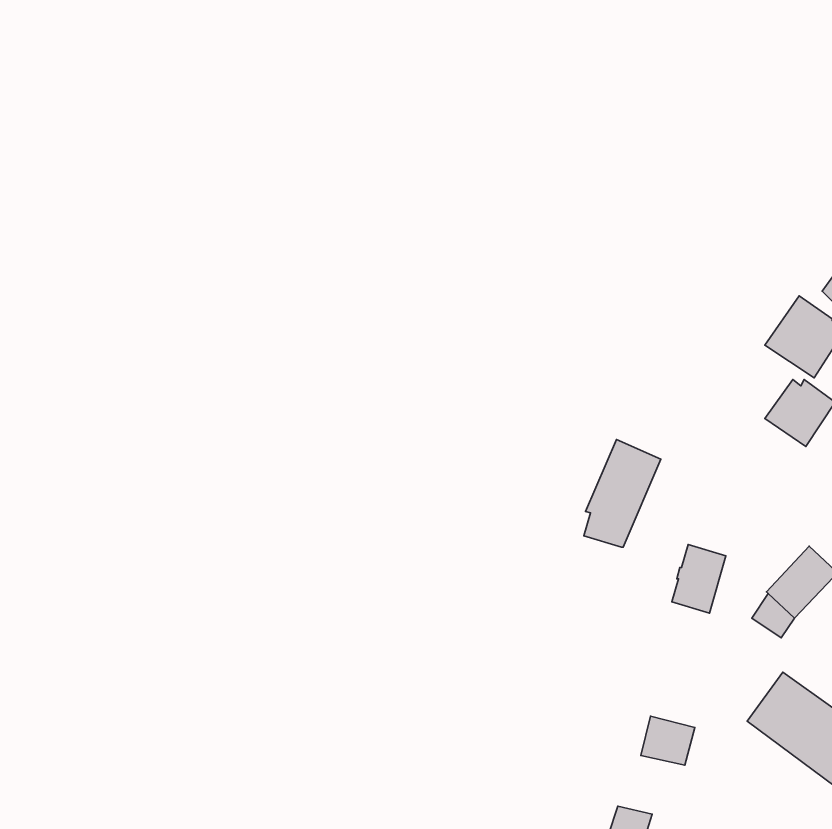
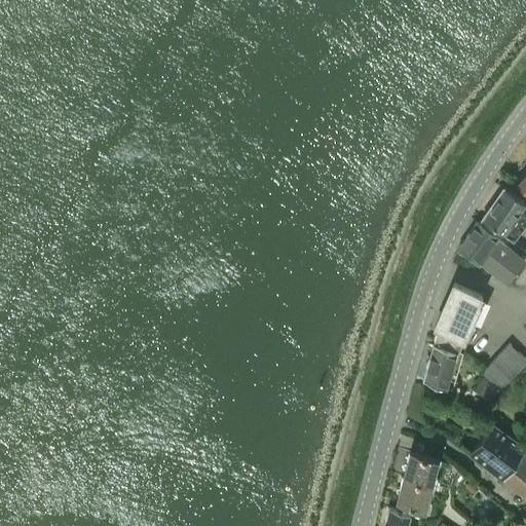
building: none -> [459,224,500,267]
building: [584,439,661,547] -> [435,286,483,353]
building: none -> [399,479,433,511]

